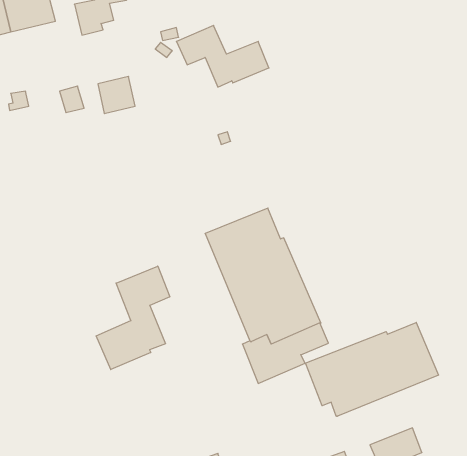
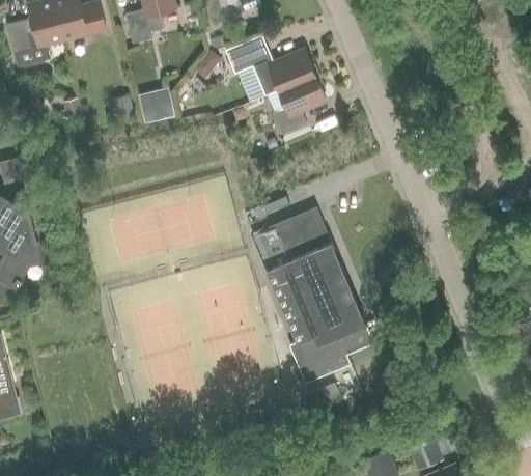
building: none -> [273,76,326,134]
building: [96,266,170,370] -> none
building: [305,322,438,416] -> none

